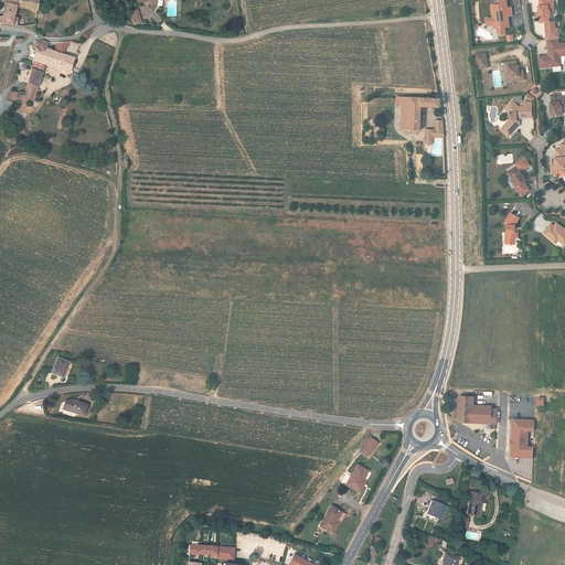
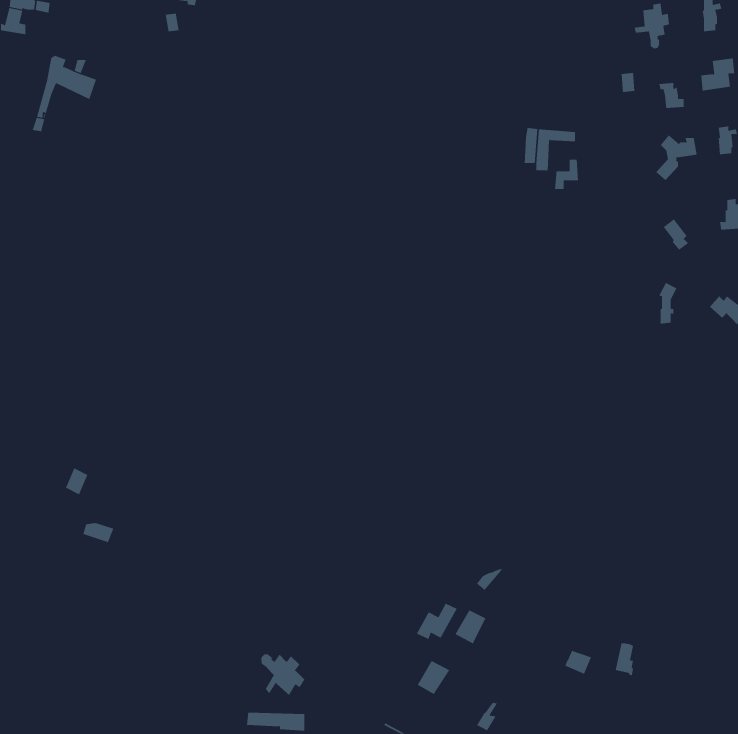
building: [459,392,499,425] -> none
building: [511,416,534,455] -> none
building: none -> [416,603,458,640]
building: none -> [261,653,305,696]

